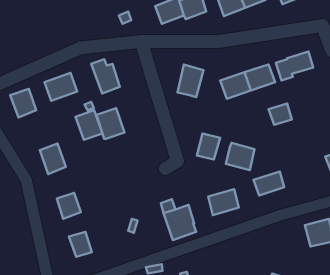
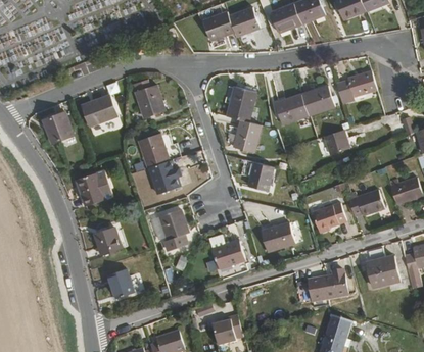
building: none -> [233,119,261,152]
building: [75,110,102,140] -> [148,160,178,193]
building: [226,143,254,170] -> none
building: none -> [346,190,384,216]
building: none -> [159,209,188,252]
building: none -> [308,269,347,299]

